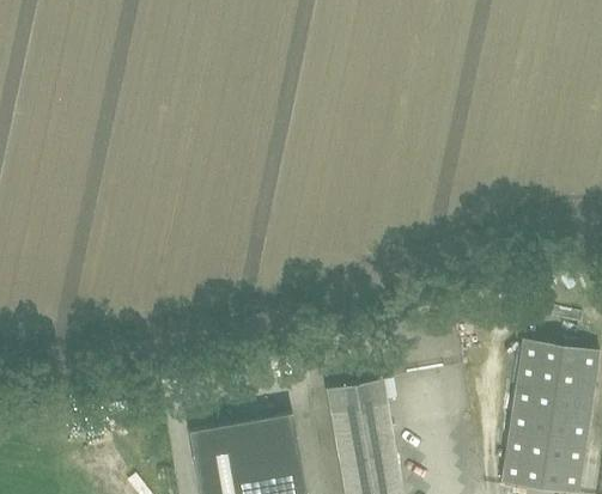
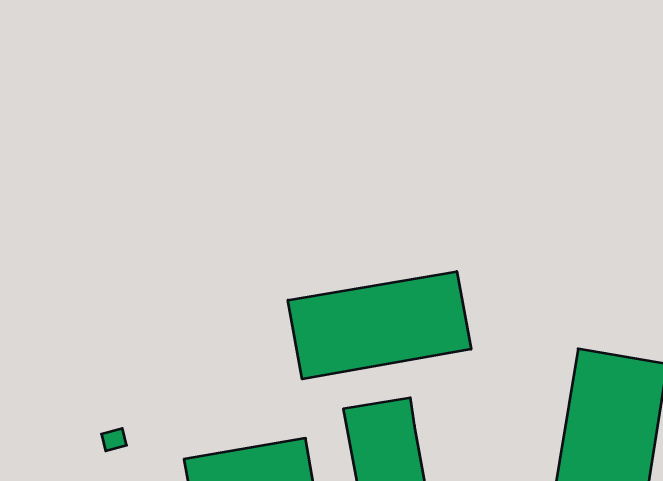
building: none -> [288,271,471,379]

